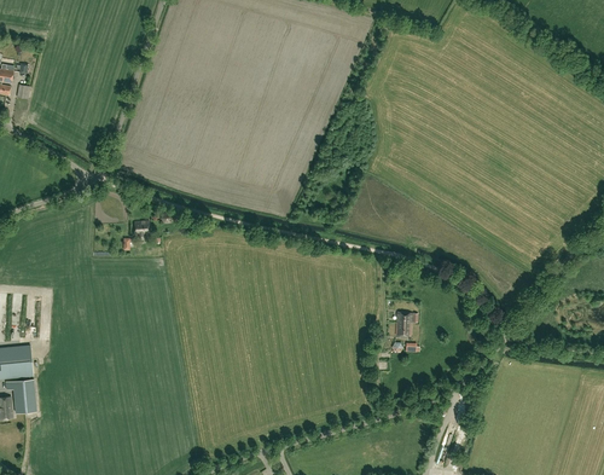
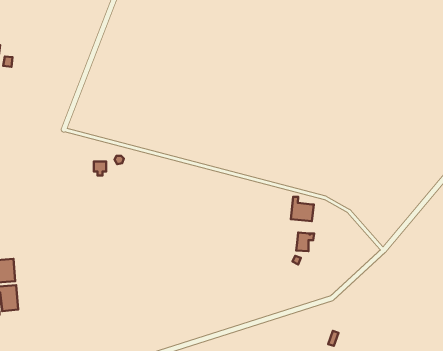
building: none -> [291,197,314,221]

